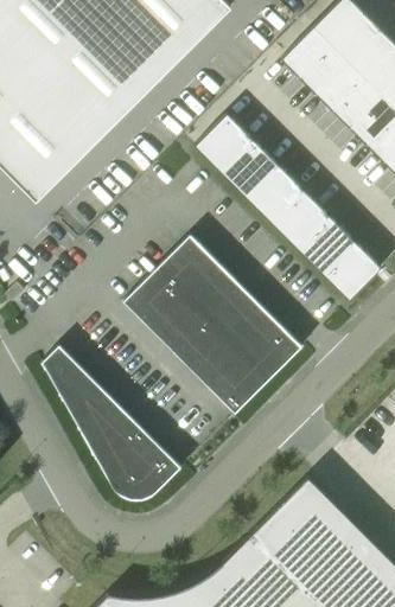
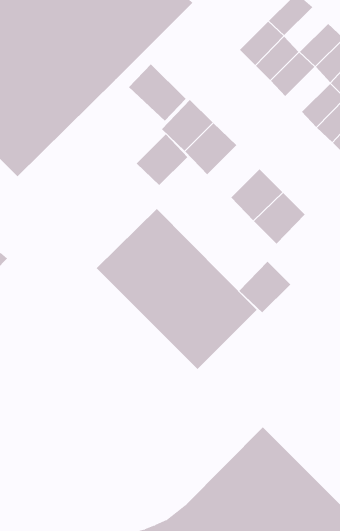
building: [331,12,380,62] -> none
building: none -> [128,63,187,121]
building: [332,78,382,128] -> none
building: [246,165,304,223] -> [136,134,188,186]
building: [323,242,381,300] -> [239,261,291,313]
building: [42,345,180,499] -> none

